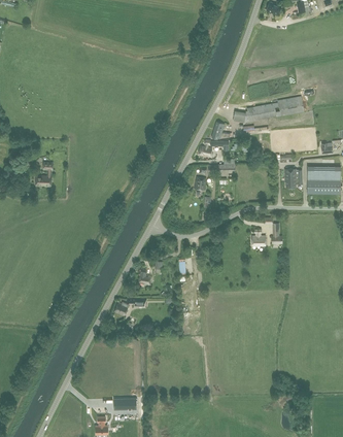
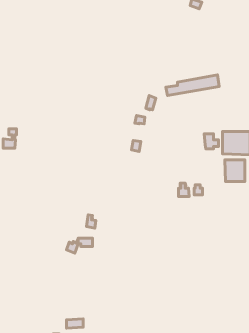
building: none -> [225,160,245,182]

